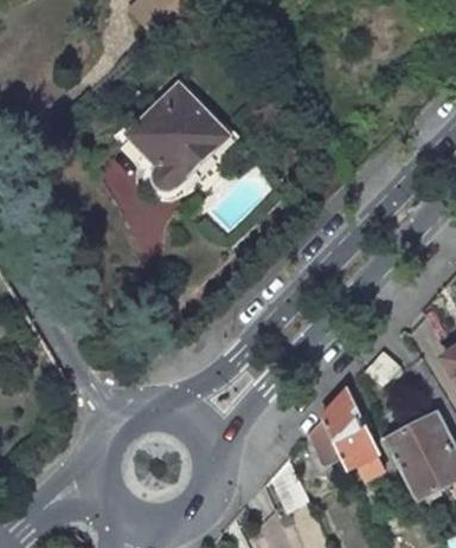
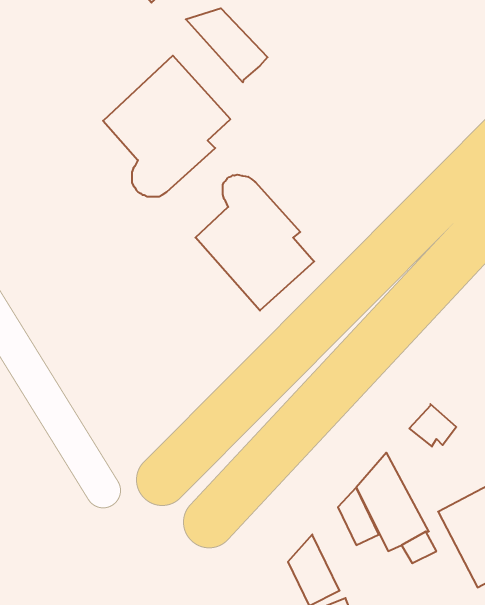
building: none -> [186,8,268,82]
building: none -> [195,175,314,311]

